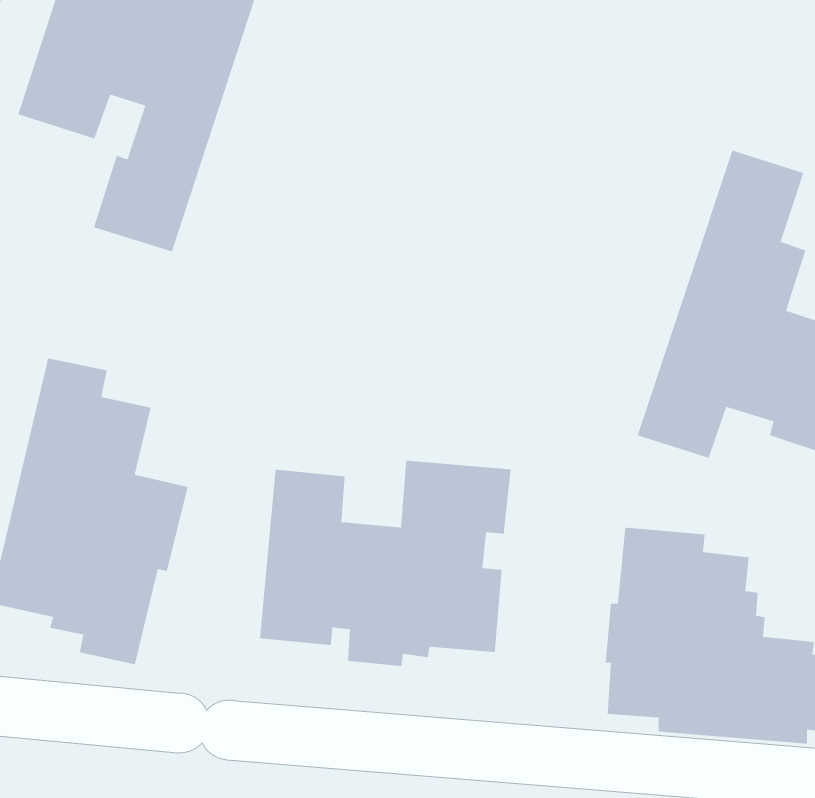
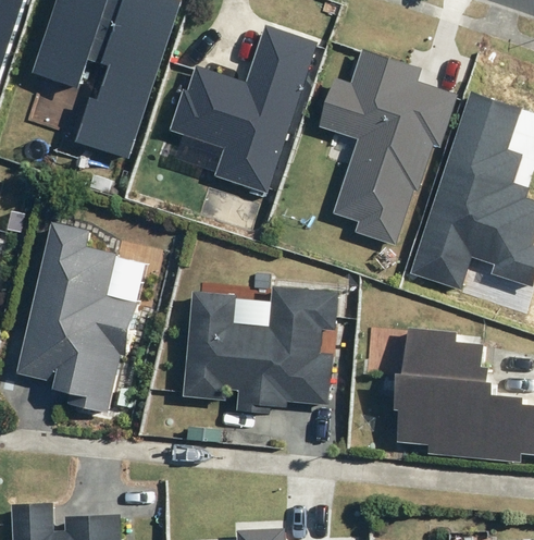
building: none -> [170,25,316,194]
building: none -> [319,50,457,246]

